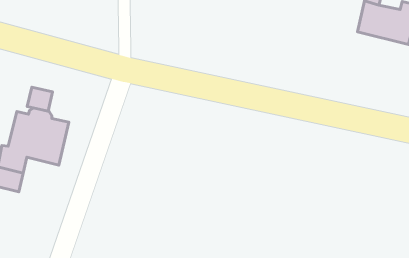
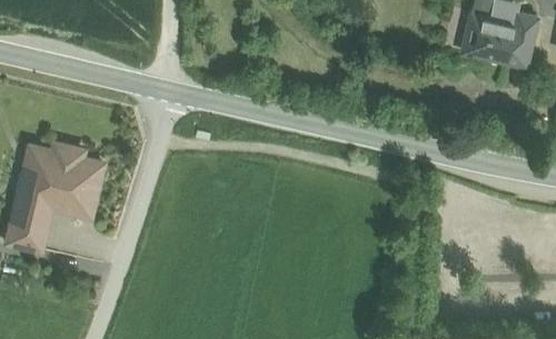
building: [27,87,53,111] -> none

